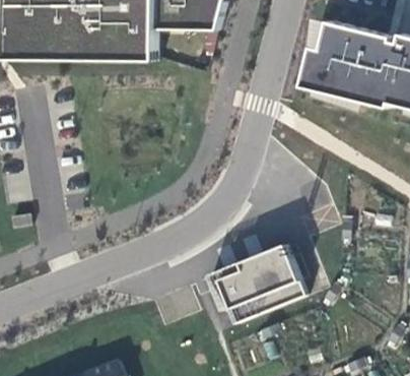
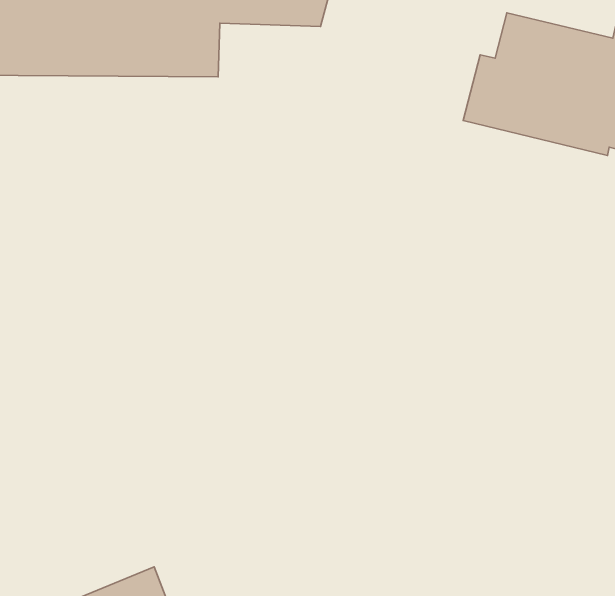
building: [208,245,304,322] -> none

